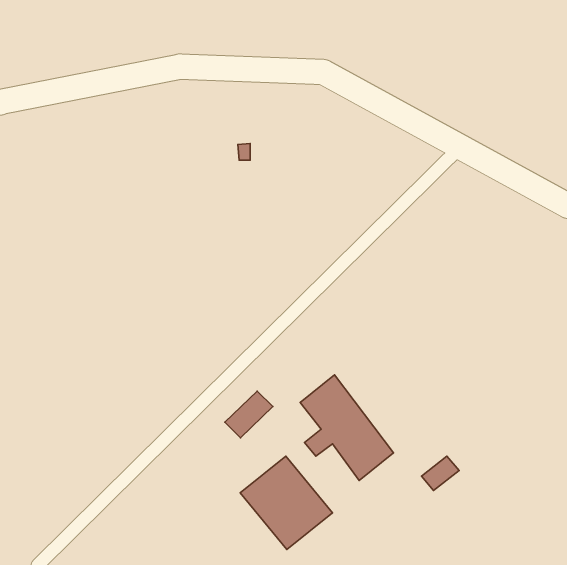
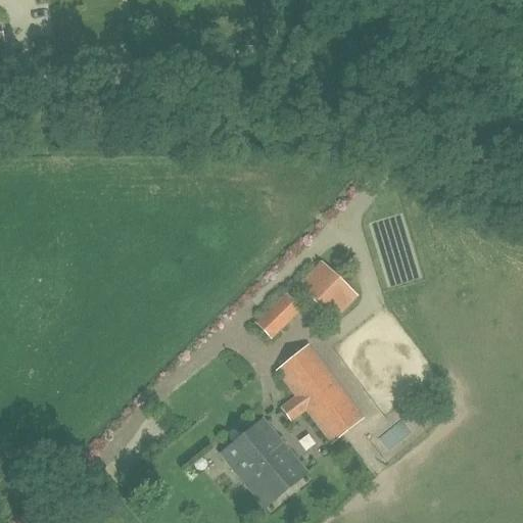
building: none -> [298,260,354,316]
building: [225,391,273,438] -> [256,293,300,336]

